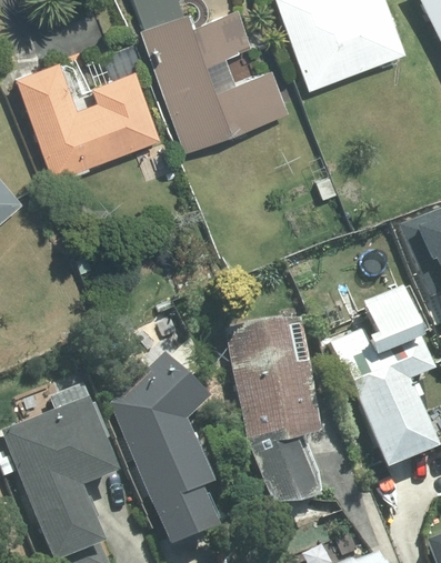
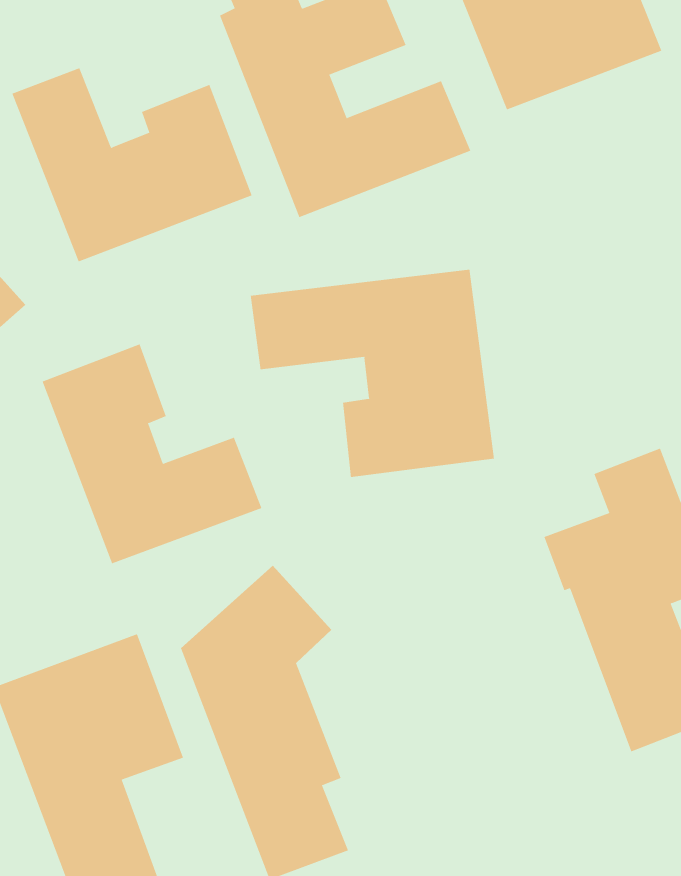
building: none -> [250,269,494,478]
building: none -> [42,343,262,564]
building: [228,315,324,507] -> none

